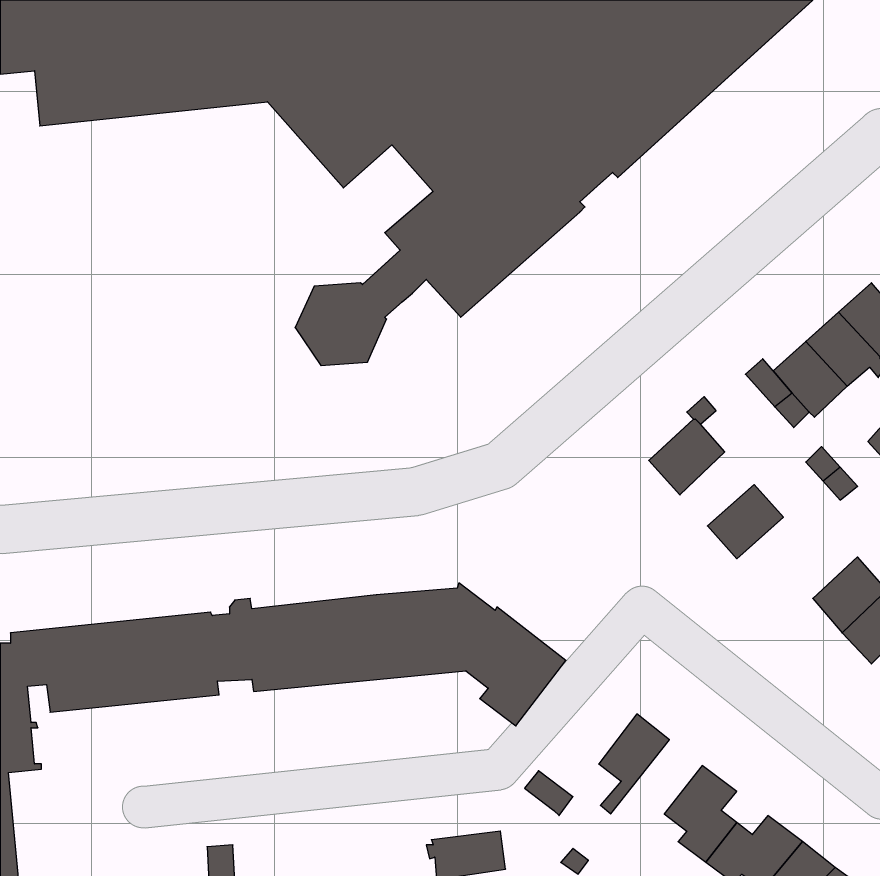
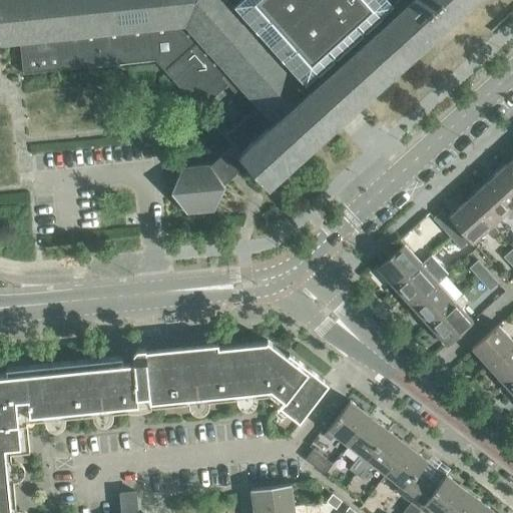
building: none -> [396,258,448,309]
building: none -> [429,299,474,347]
building: none -> [325,403,371,447]
building: none -> [356,433,409,481]

